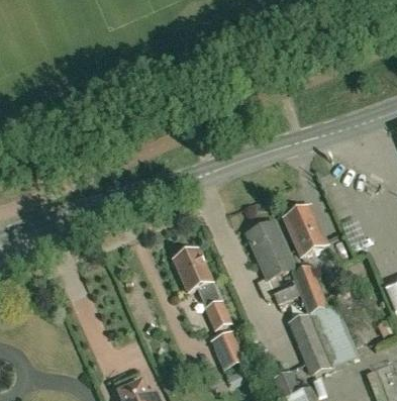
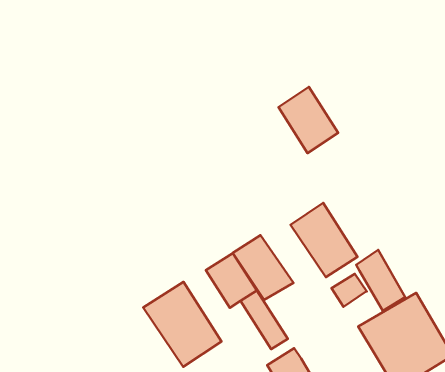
building: [284,203,327,255] -> [279,87,338,153]
building: none -> [233,235,293,300]
building: none -> [143,282,221,367]

